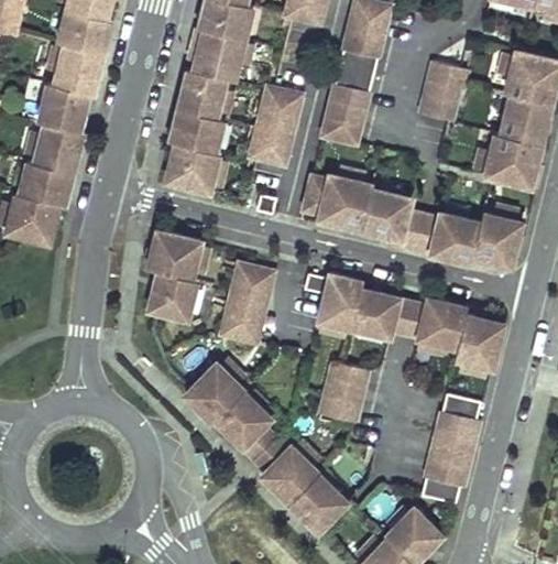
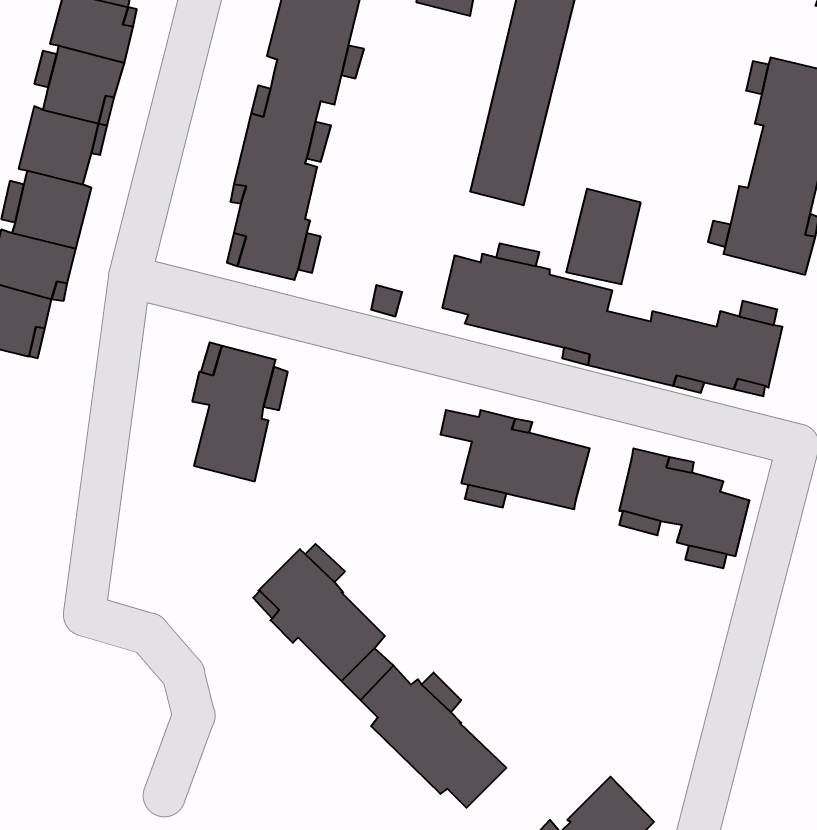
building: [420,61,468,121] -> [566,189,641,284]
building: [253,86,305,164] -> none
building: [218,262,272,352] -> none
building: [390,297,425,337] -> none
building: [318,361,365,422] -> none
building: [420,392,479,501] -> none

